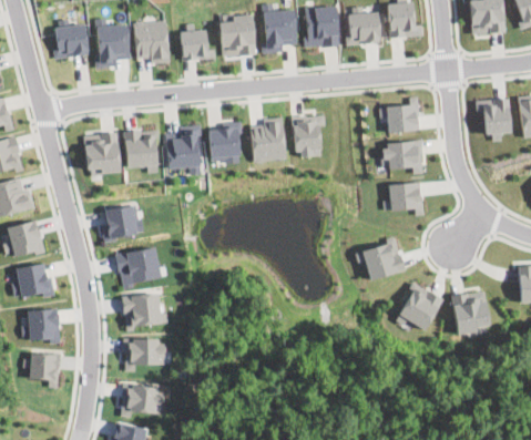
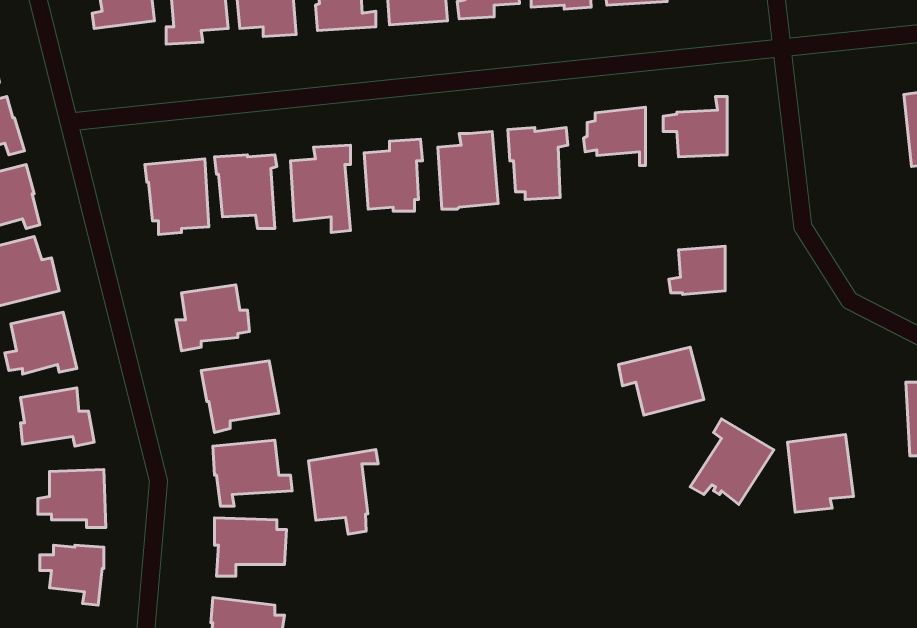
building: [476,99,511,141] -> none
building: [381,141,417,174] -> [583,107,645,165]
building: none -> [308,450,378,534]

